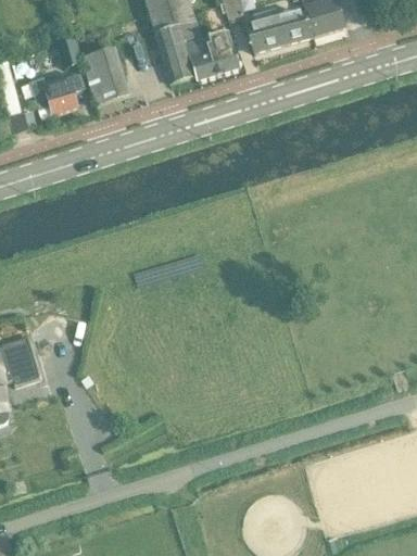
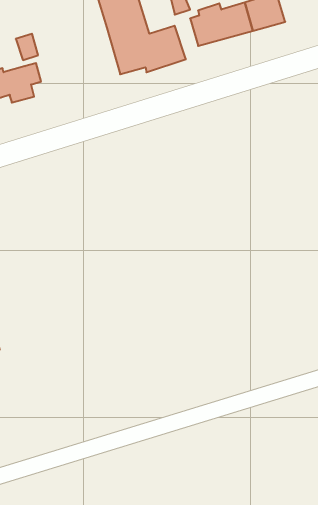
building: [83,47,129,103] -> none

